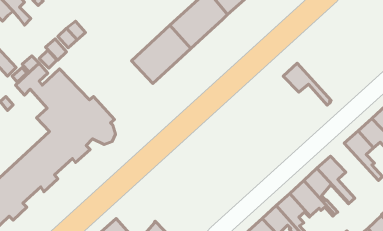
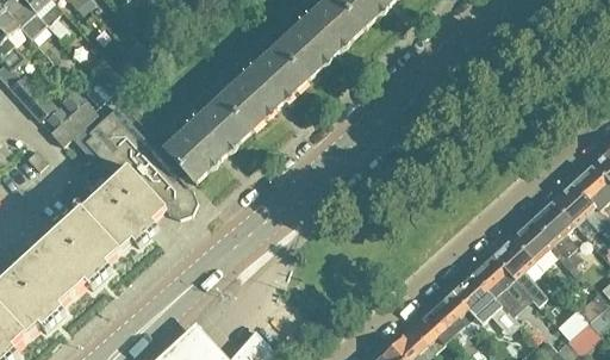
building: none -> [164,97,251,182]
building: [283,63,331,105] -> [512,217,583,279]

